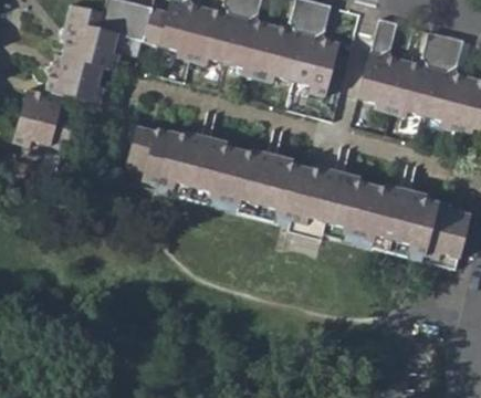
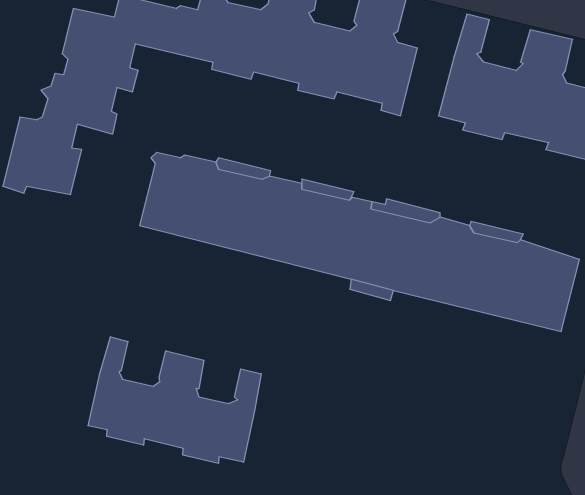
building: none -> [88,337,261,463]

